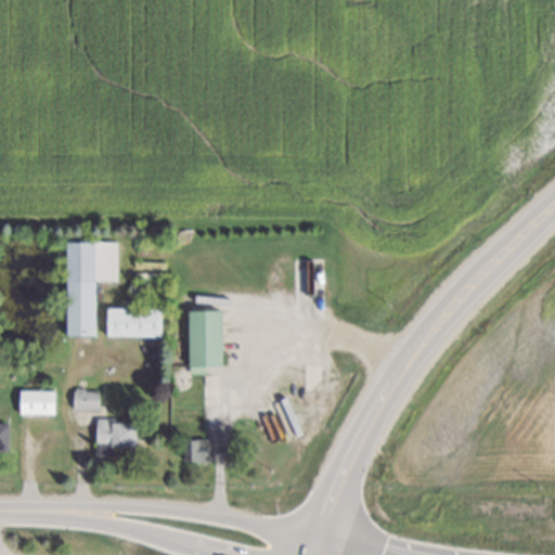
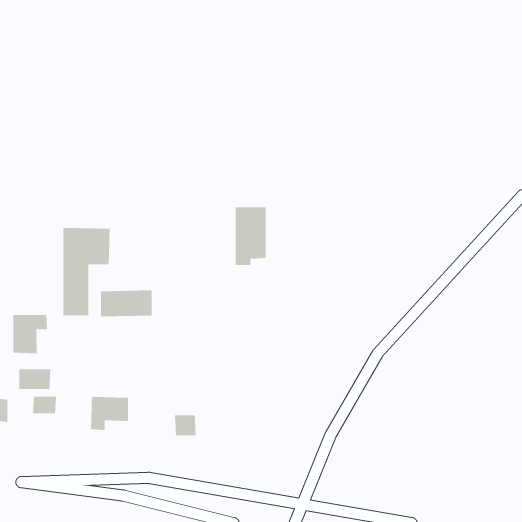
building: [189,311,222,374] -> [235,206,267,266]
building: none -> [12,314,48,354]
building: [73,390,99,410] -> [32,396,57,414]

